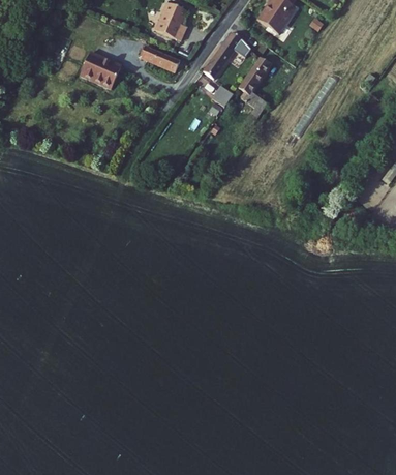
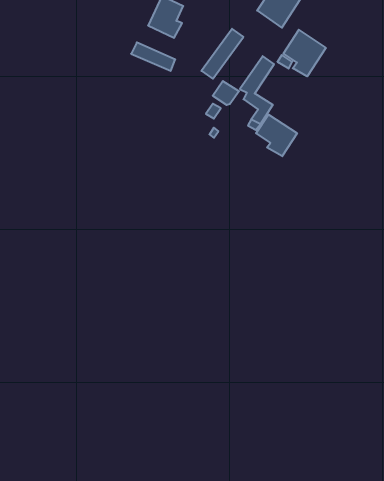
building: none -> [283,30,326,76]
building: [82,54,121,90] -> none
building: none -> [256,114,297,156]

